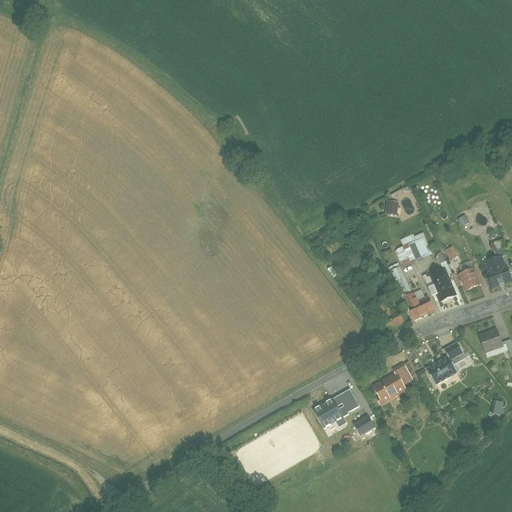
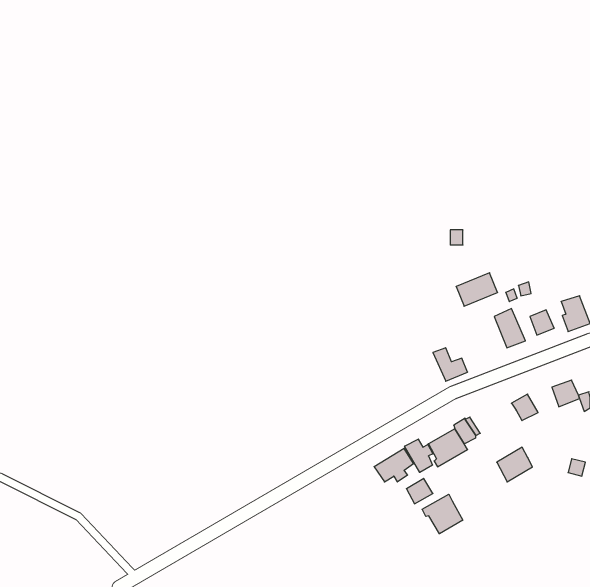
building: [403,292,433,319] -> none
building: [425,355,456,385] -> [497,447,532,482]
building: none -> [405,439,433,472]
building: none -> [422,494,463,534]

